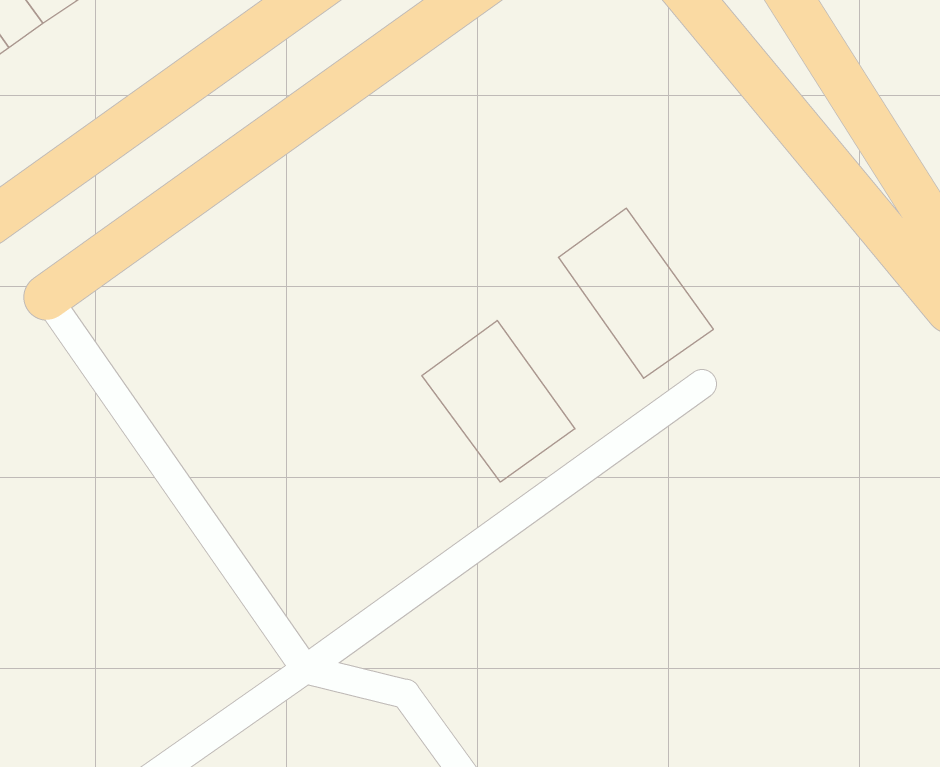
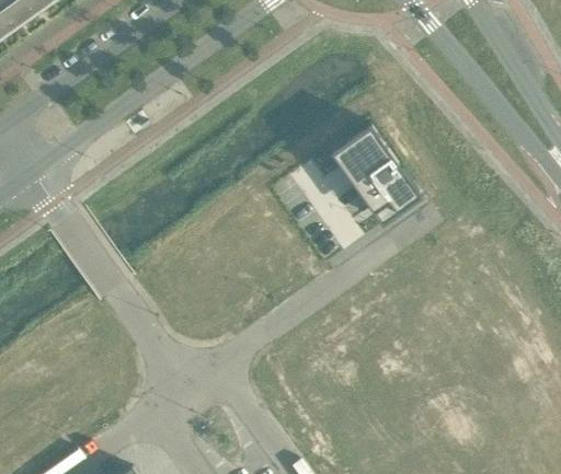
building: [422,320,575,482] -> none

